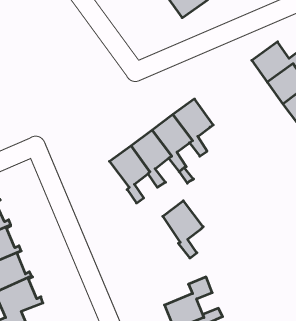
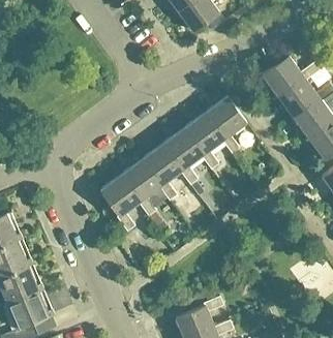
building: none -> [206,97,246,154]
building: [163,201,203,258] -> [100,175,141,232]

